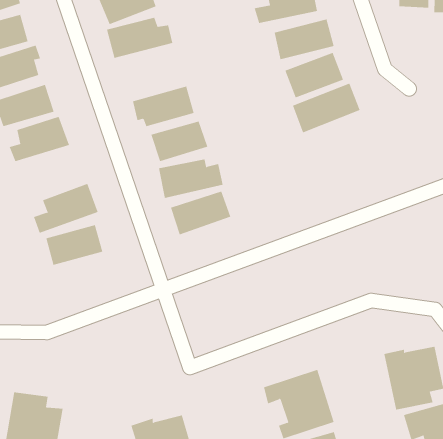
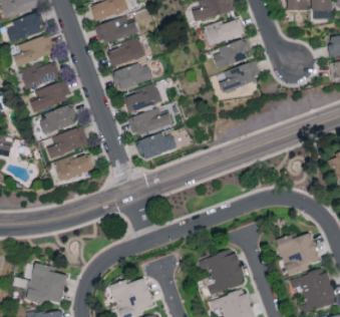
building: none -> [106,37,144,66]
building: none -> [39,104,78,133]

